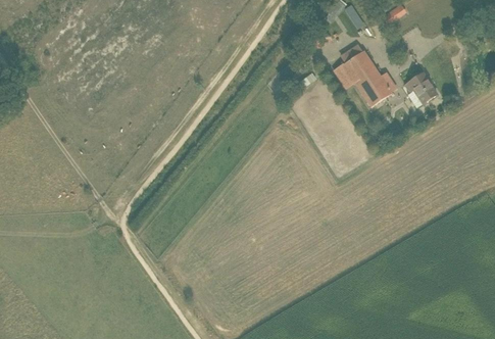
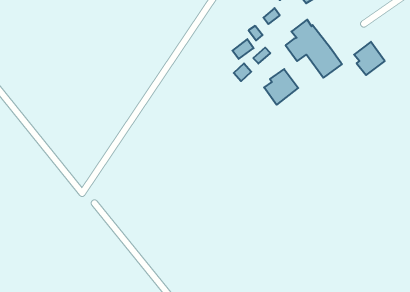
building: none -> [264,69,298,105]

